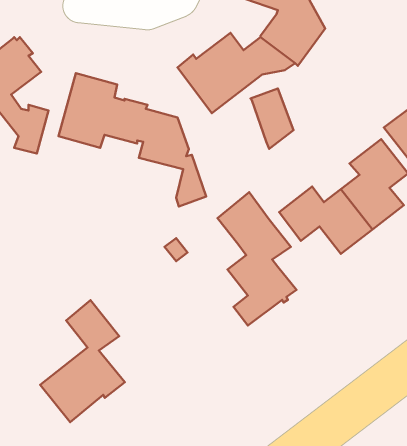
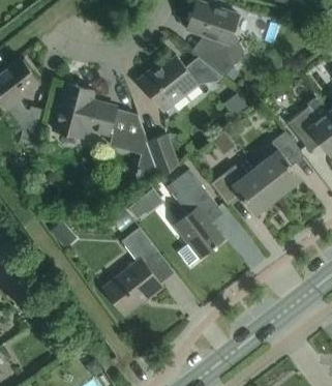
building: [250,89,294,149] -> [147,135,178,178]
building: [40,300,125,422] -> [102,228,163,316]

